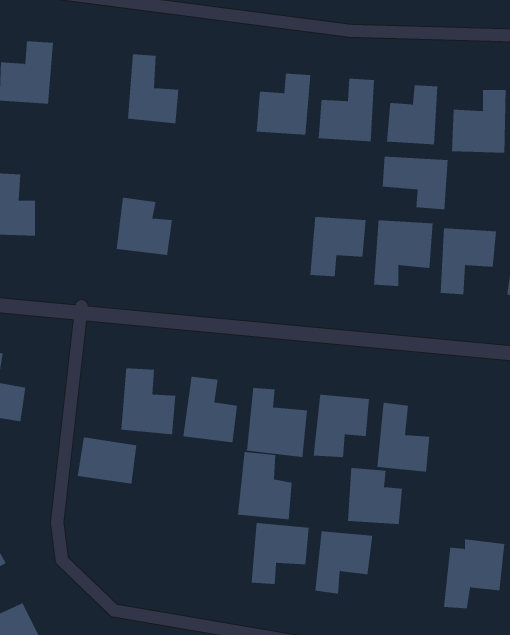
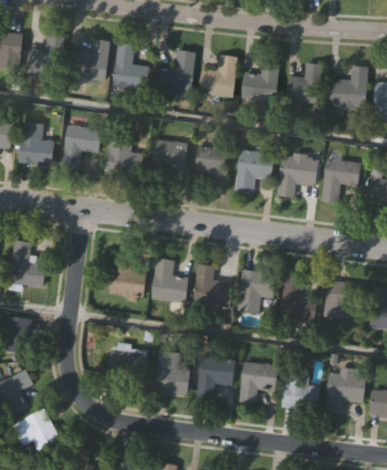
building: none -> [73,39,110,82]
building: none -> [157,50,195,96]
building: [382,156,448,210] -> none
building: none -> [62,125,101,169]
building: none -> [148,139,188,169]
building: none -> [194,146,228,186]
building: none -> [324,282,363,319]
building: [77,437,137,484] -> [107,345,147,376]
building: [237,451,293,520] -> [152,348,189,394]
building: [347,467,403,524] -> [282,371,319,409]

